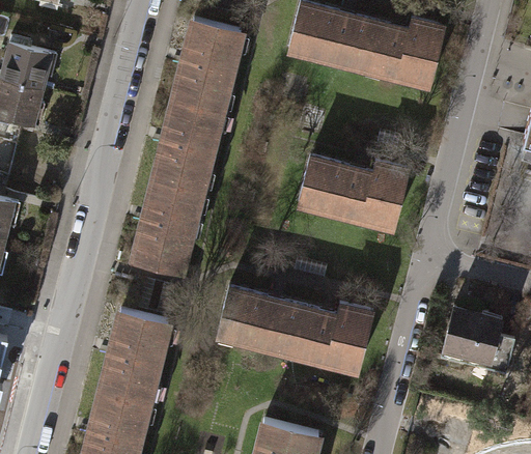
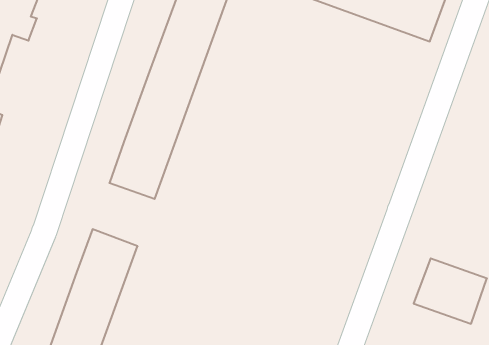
building: [296,160,407,230] -> none
building: [218,284,376,375] -> none

